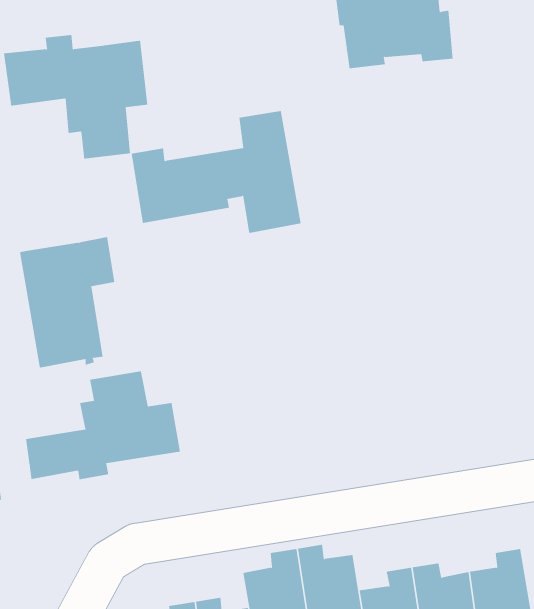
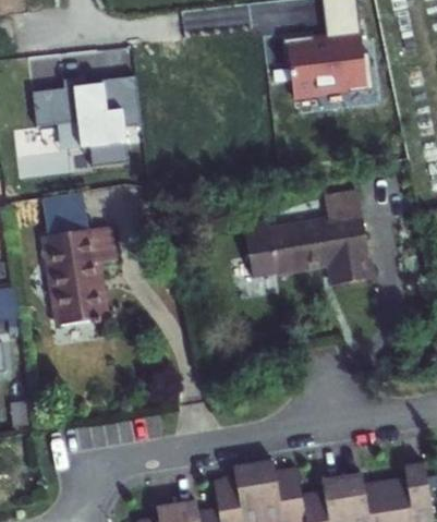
building: [131,110,301,234] -> [242,194,372,288]
building: none -> [41,193,88,238]
building: [25,371,180,480] -> none

